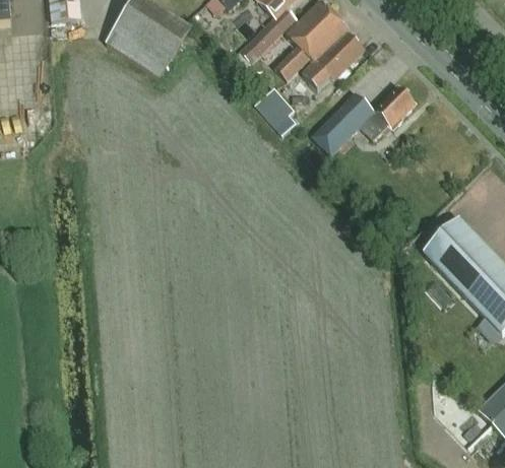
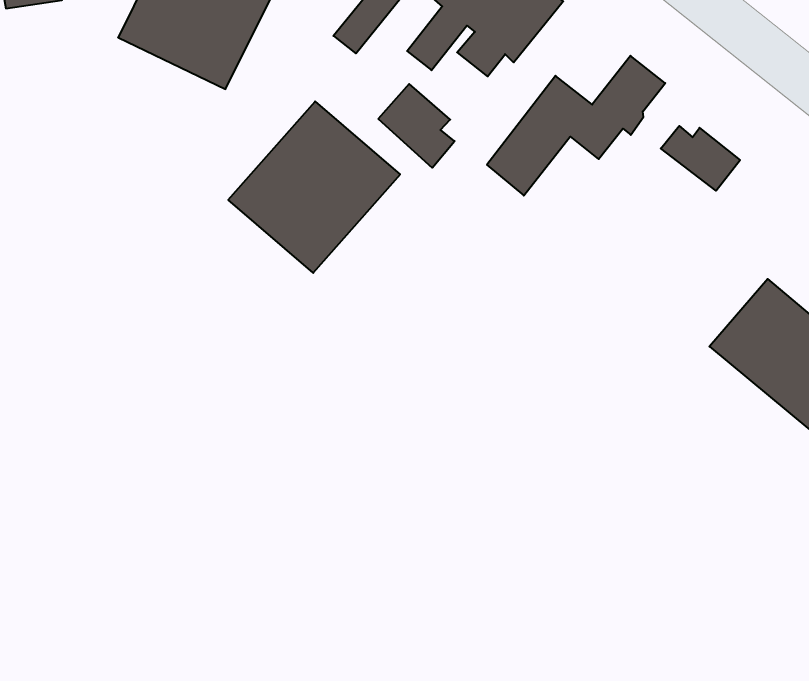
building: none -> [228,101,400,273]
building: none -> [661,126,740,191]

